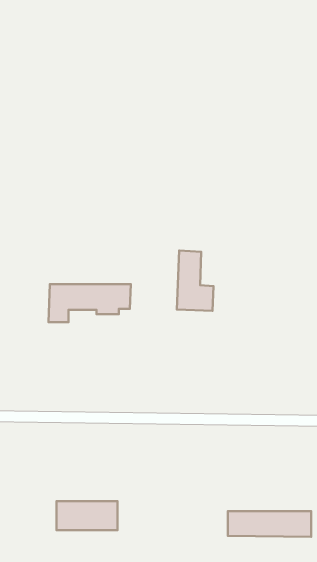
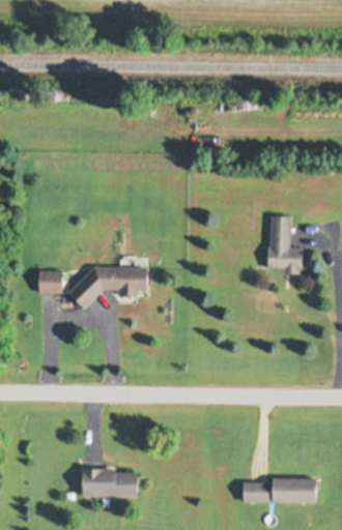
building: [177,251,214,311] -> [267,215,302,271]
building: none -> [38,271,63,294]

